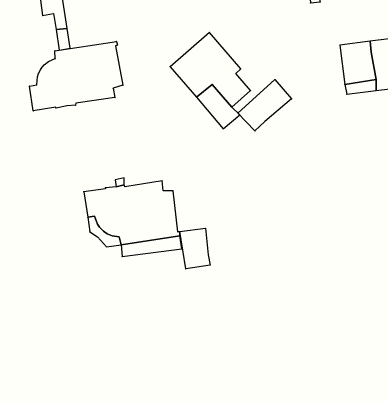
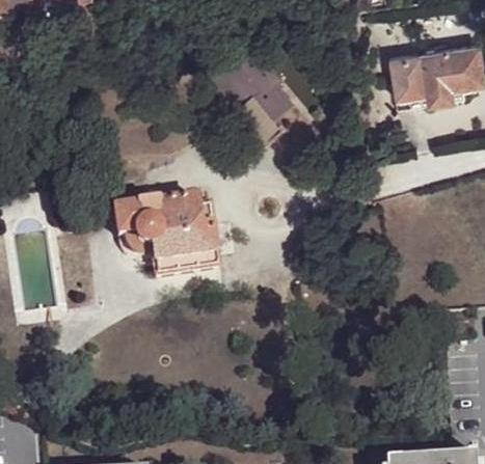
building: [30,41,123,111] -> none
building: [238,80,292,131] -> none
building: [180,228,210,269] -> none

